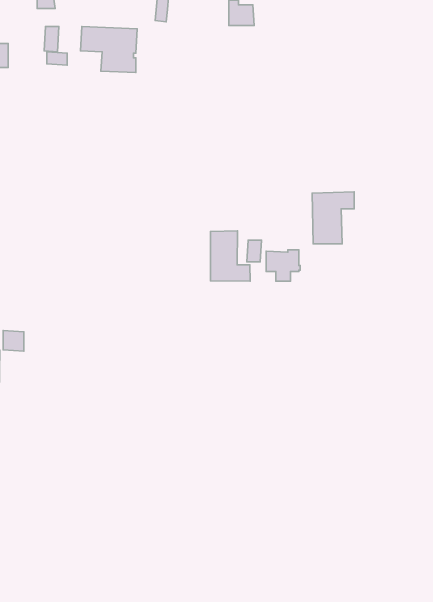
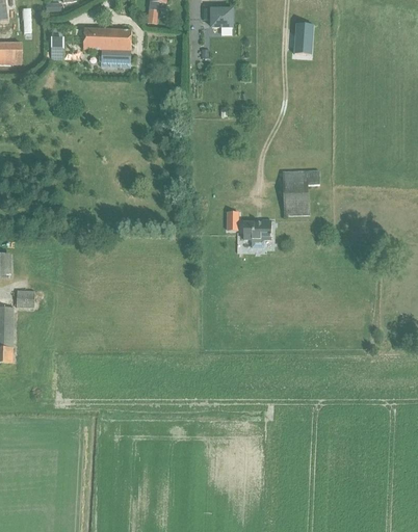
building: none -> [294,22,314,54]
building: [210,231,250,281] -> none

